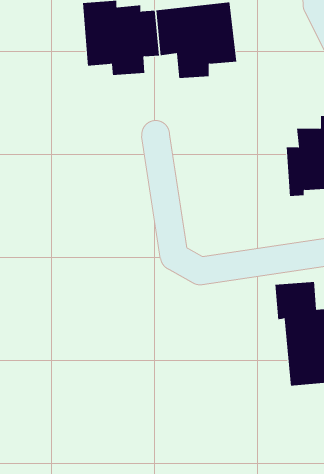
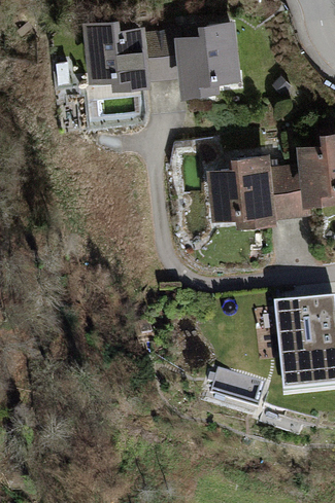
building: none -> [209,154,290,229]

